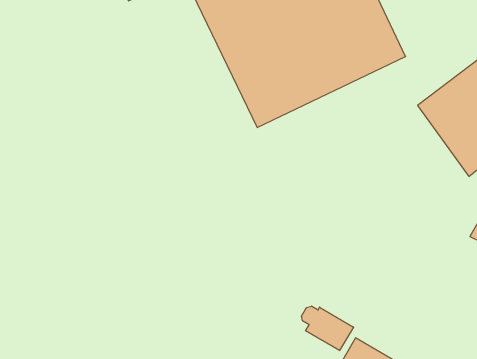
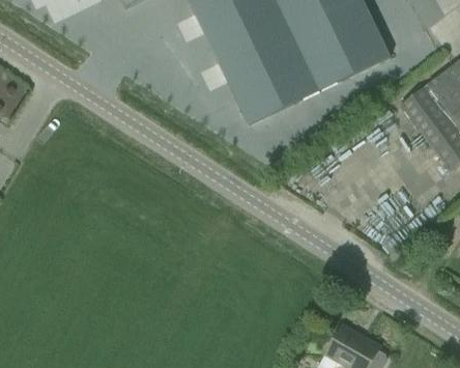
building: [302,306,354,351] -> none

